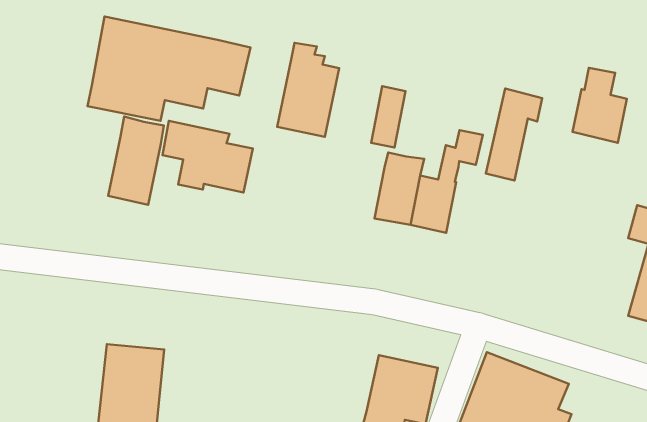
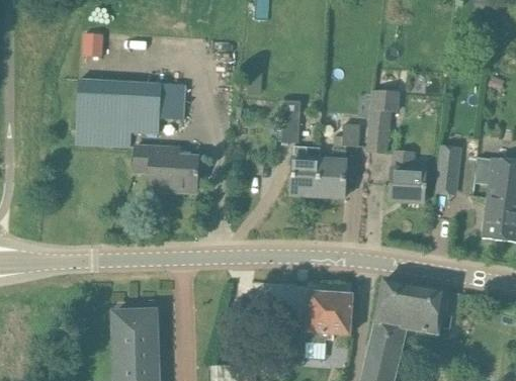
building: [277,43,339,137] -> none
building: [573,68,627,143] -> [390,152,425,202]
building: [108,117,164,205] -> none
building: none -> [436,158,459,193]

